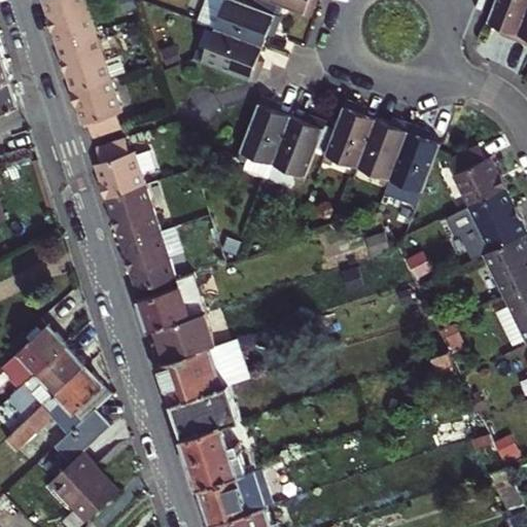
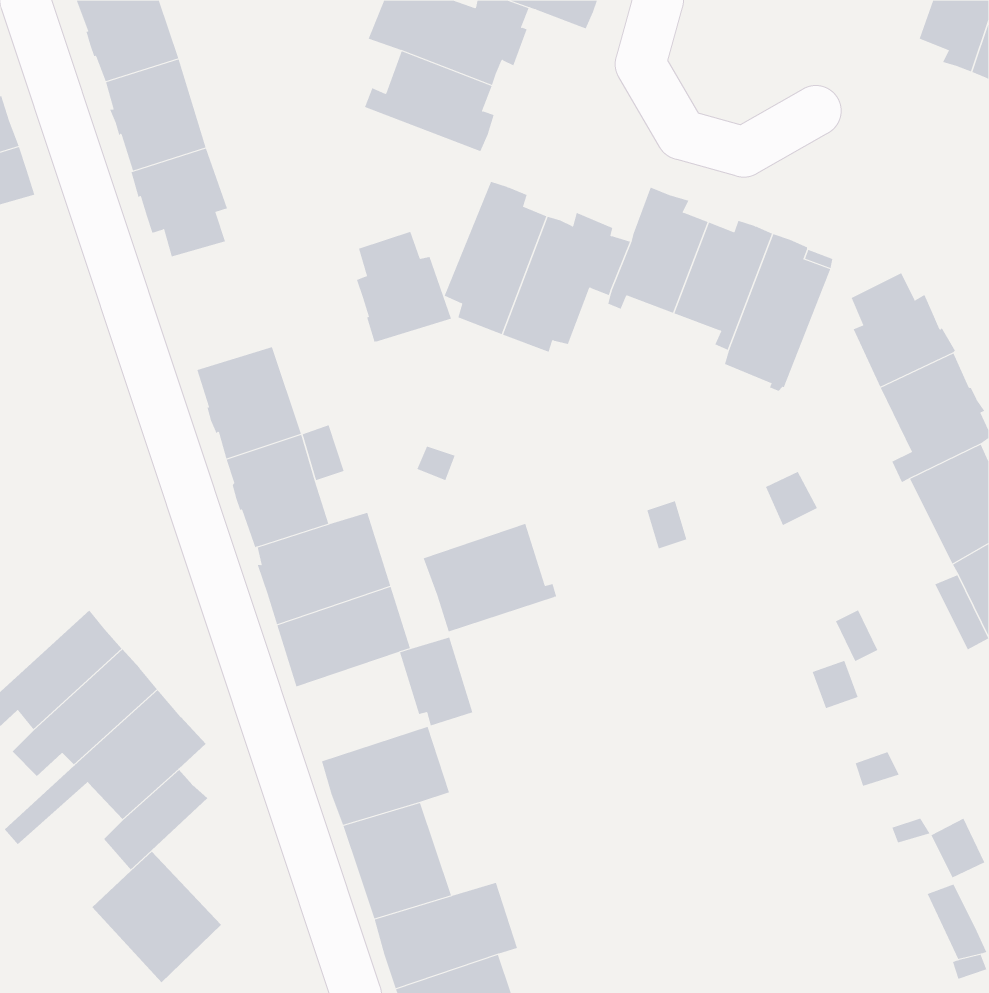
building: [94,138,144,197] -> [356,231,452,342]
building: [443,206,482,259] -> none
building: [156,346,227,403] -> [423,523,557,632]

